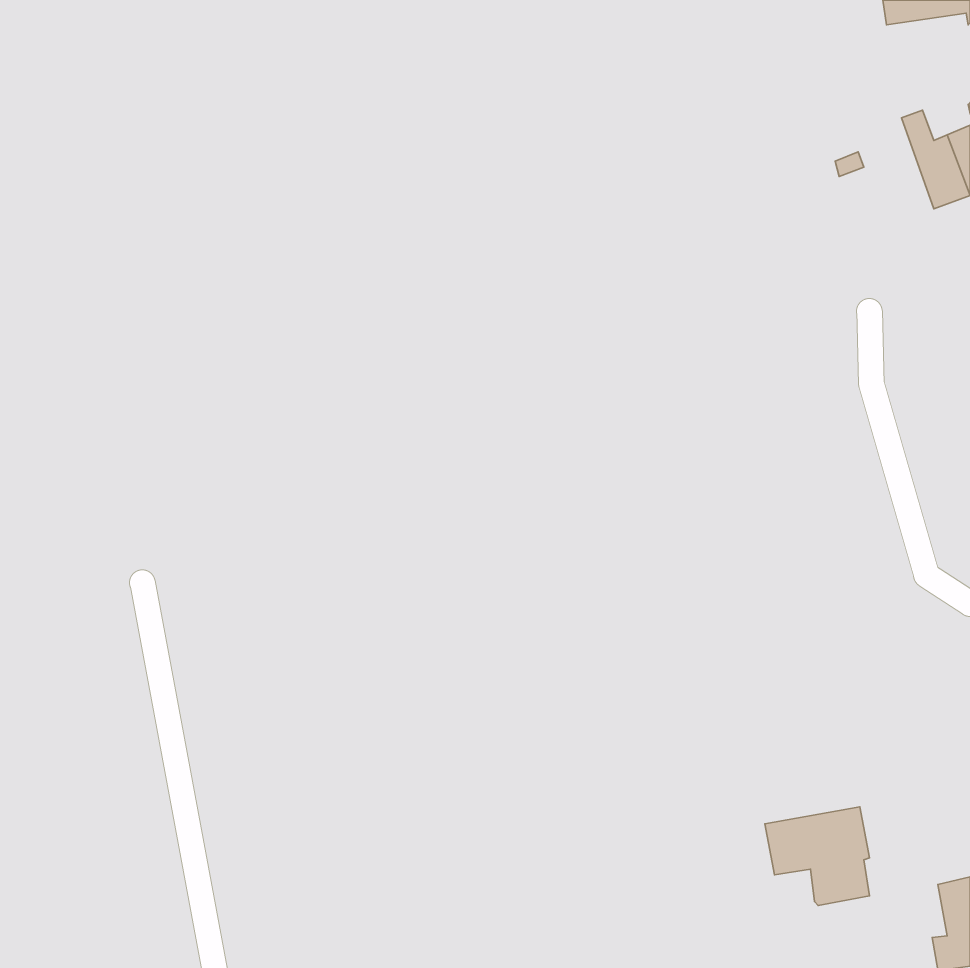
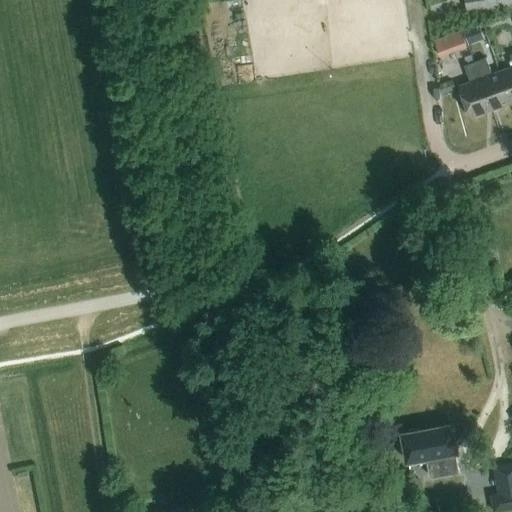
building: none -> [438,28,473,57]
building: none -> [459,63,492,119]

